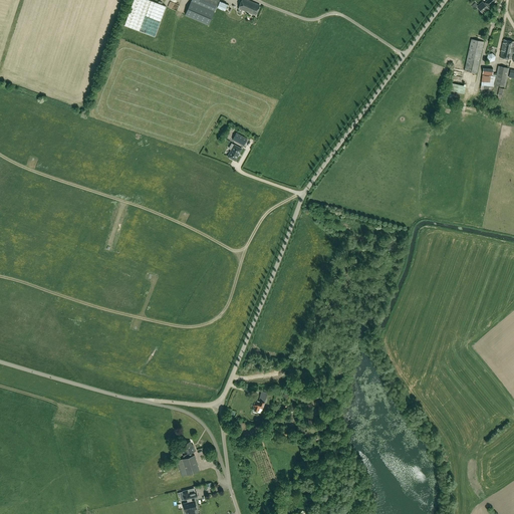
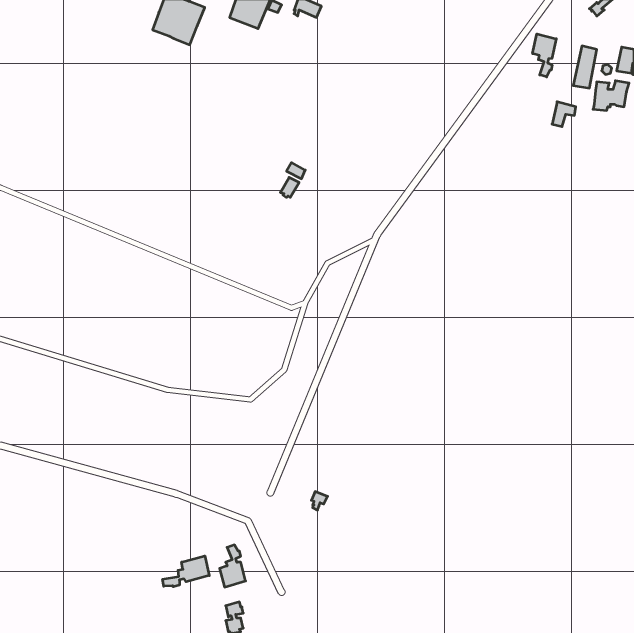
building: none -> [533,34,556,77]
building: none -> [163,556,209,587]

